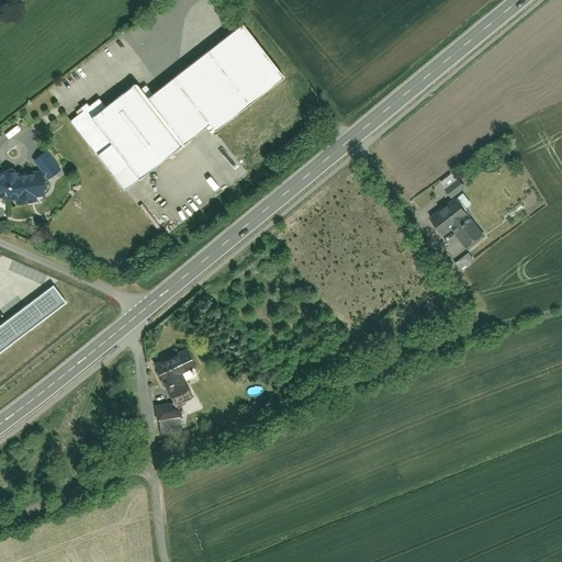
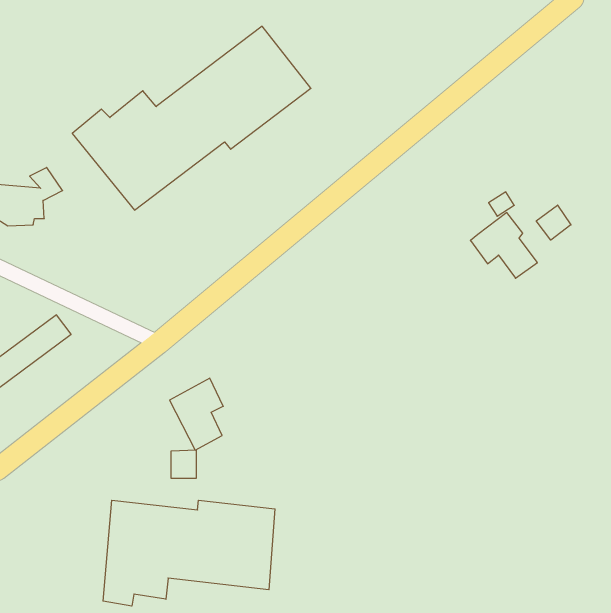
building: none -> [536,205,571,240]
building: none -> [103,500,275,606]

